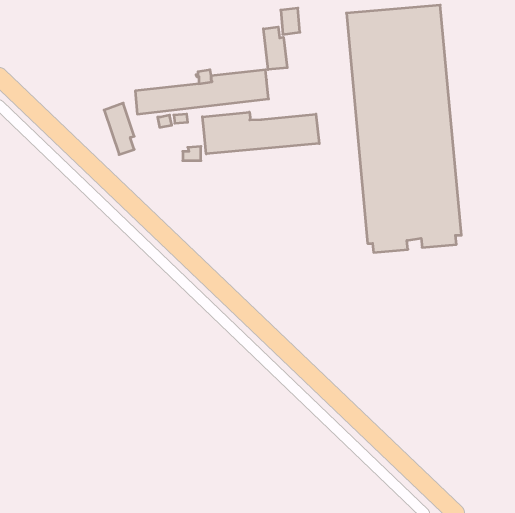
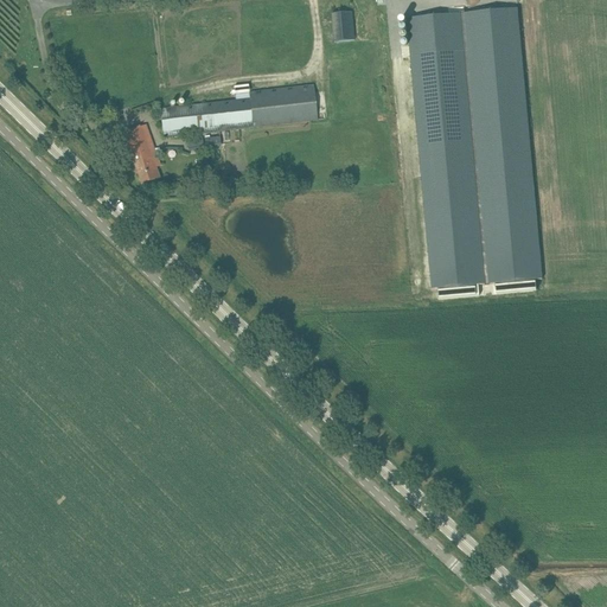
building: [263,27,287,70] -> none
building: [202,112,319,154] -> none

